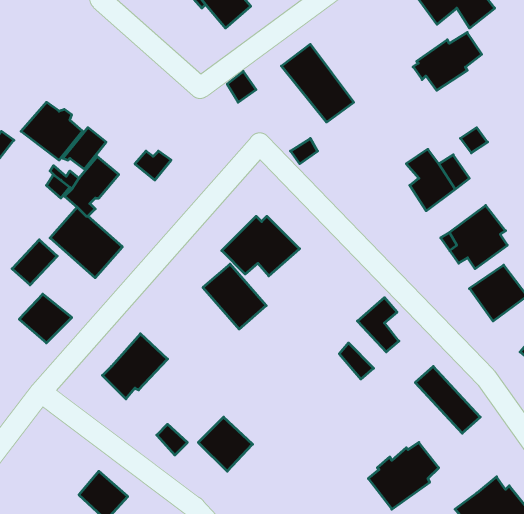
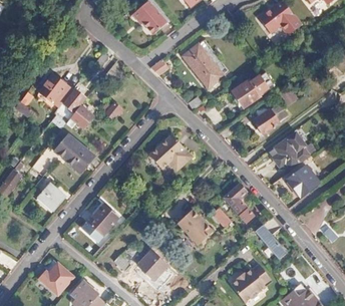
building: [413,32,482,90] -> [230,75,268,107]
building: [203,264,266,329] -> [178,209,213,245]
building: none -> [39,262,73,293]

